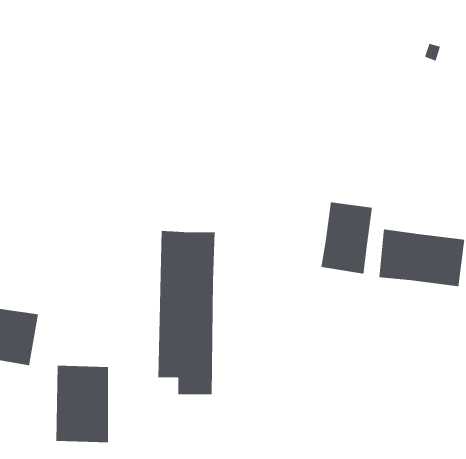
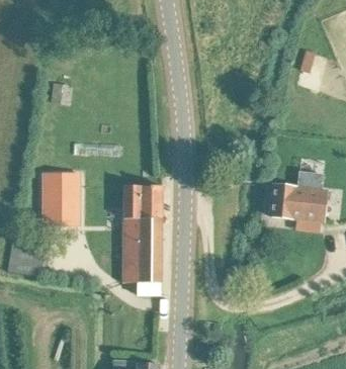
building: [321,202,373,274] -> none
building: [55,365,109,443] -> [42,174,78,225]

